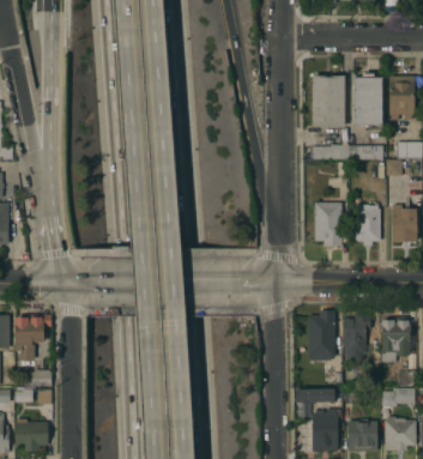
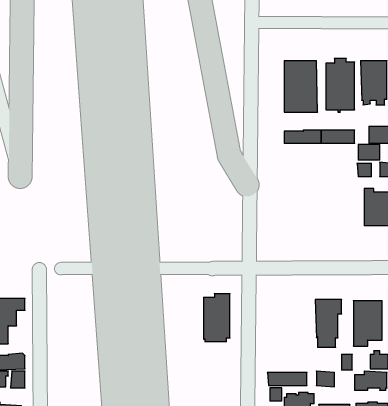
building: [314,201,342,246] -> none
building: [358,204,380,244] -> none
building: [308,312,334,360] -> [204,294,230,342]

